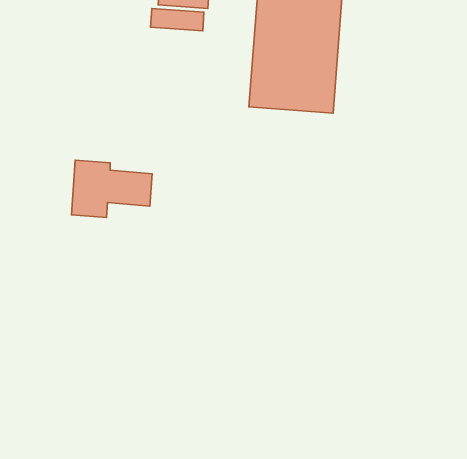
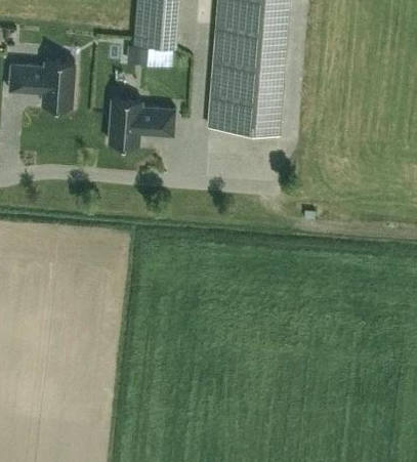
building: none -> [8,60,75,108]
building: [72,160,152,217] -> [110,98,176,145]

